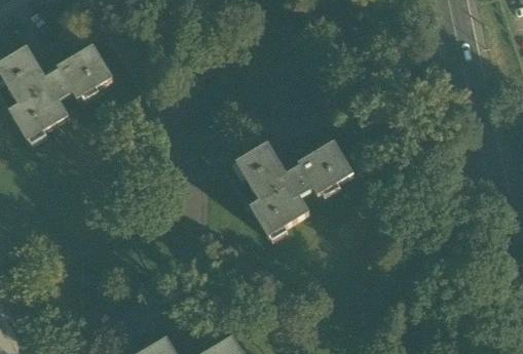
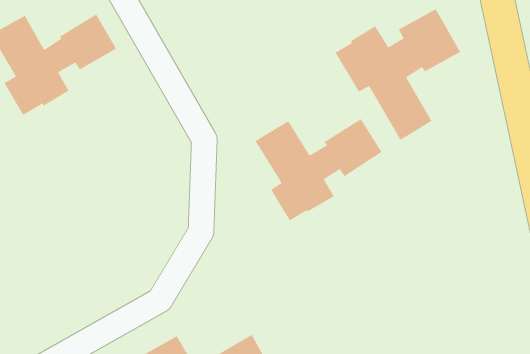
building: none -> [335,8,461,141]

